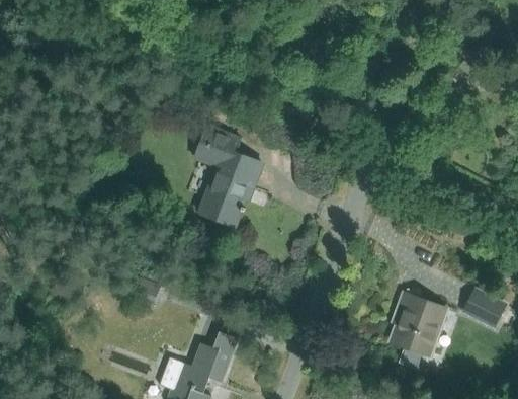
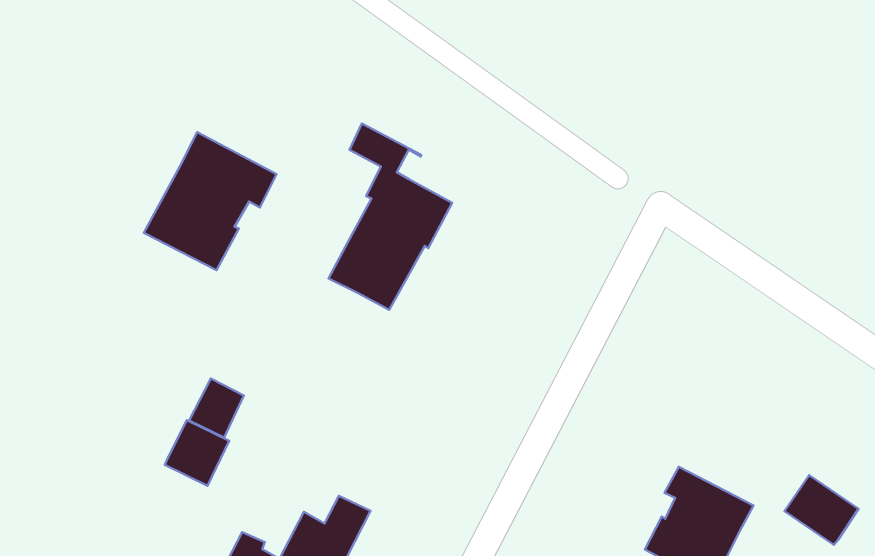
building: none -> [144,132,277,270]
building: none -> [165,420,229,486]

